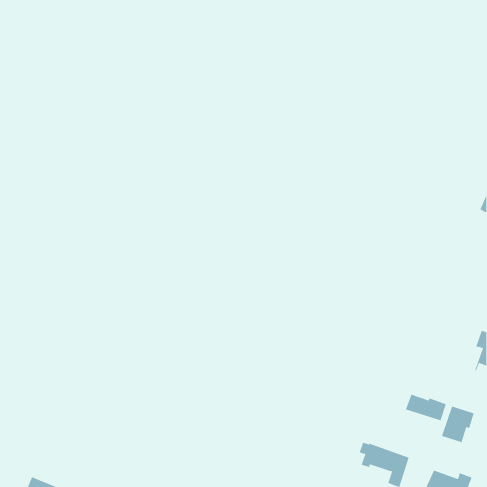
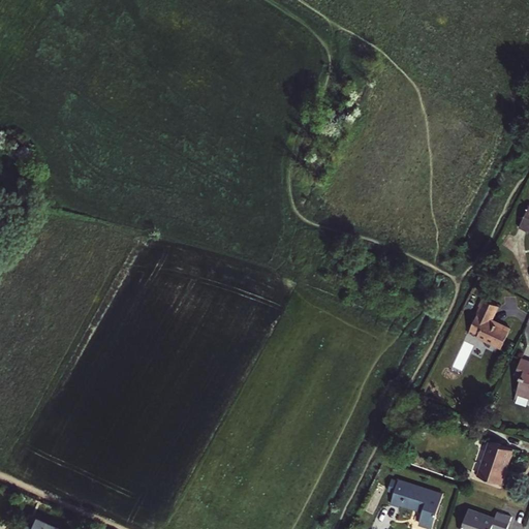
building: none -> [468,299,511,350]
building: [405,394,447,421] -> none

